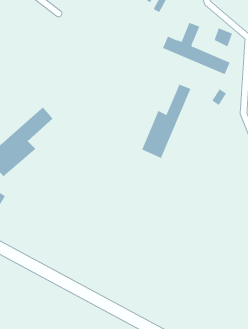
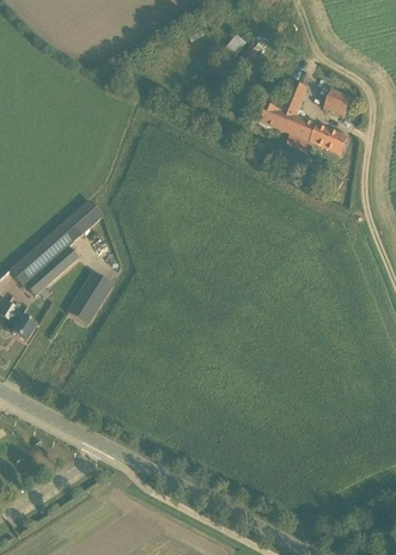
building: [142,84,191,159] -> none
building: none -> [66,272,114,325]

